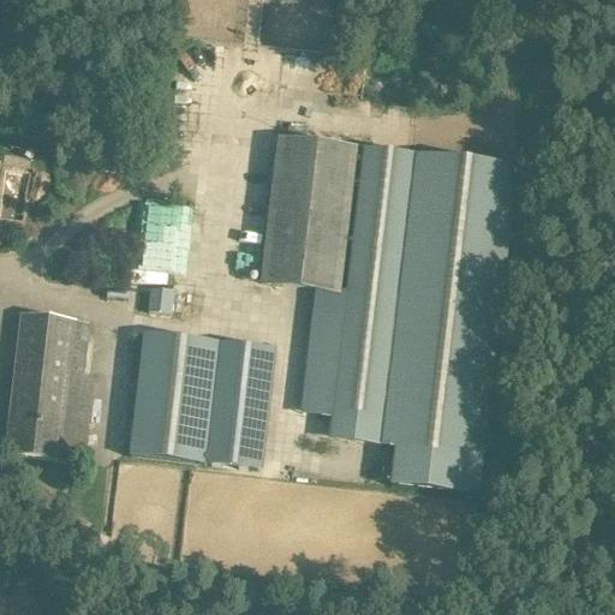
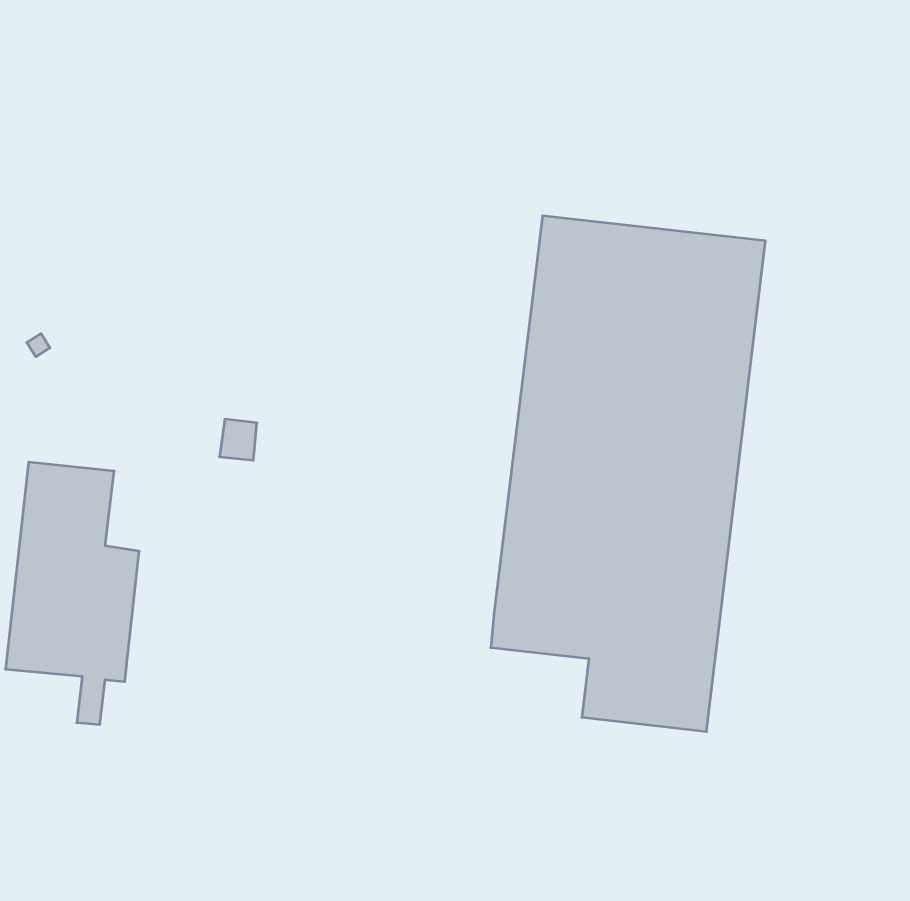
building: [257,135,366,412] -> none
building: [131,329,271,465] -> none

